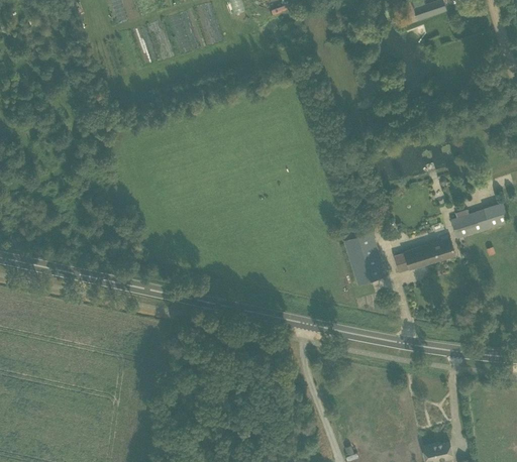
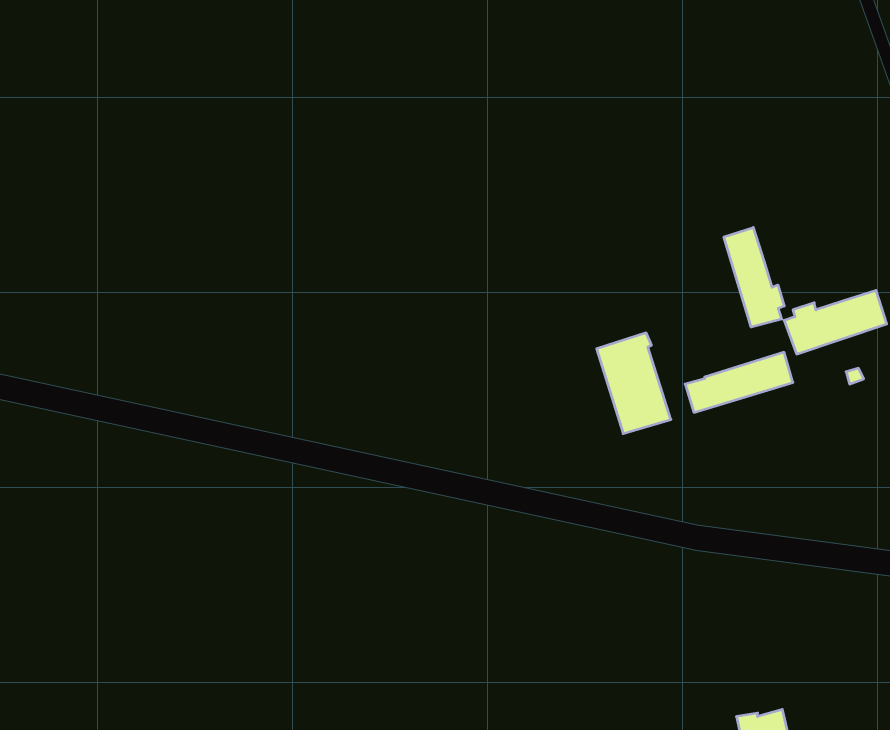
building: none -> [724,227,784,327]

